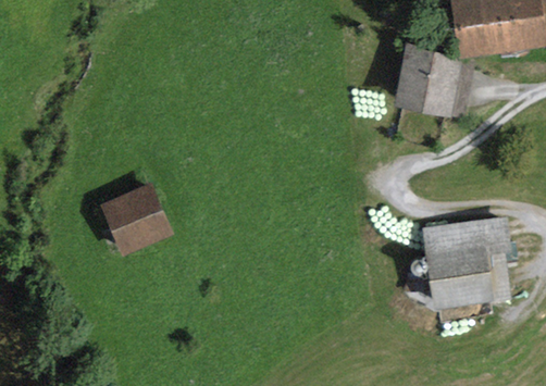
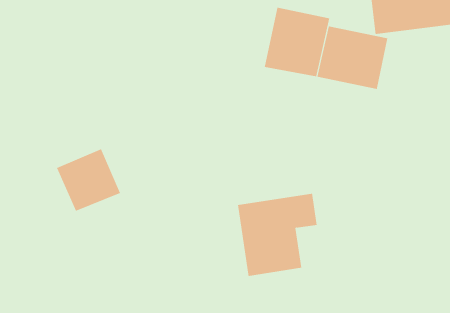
building: none -> [264,7,330,77]
building: [421,216,511,310] -> [237,193,318,276]

